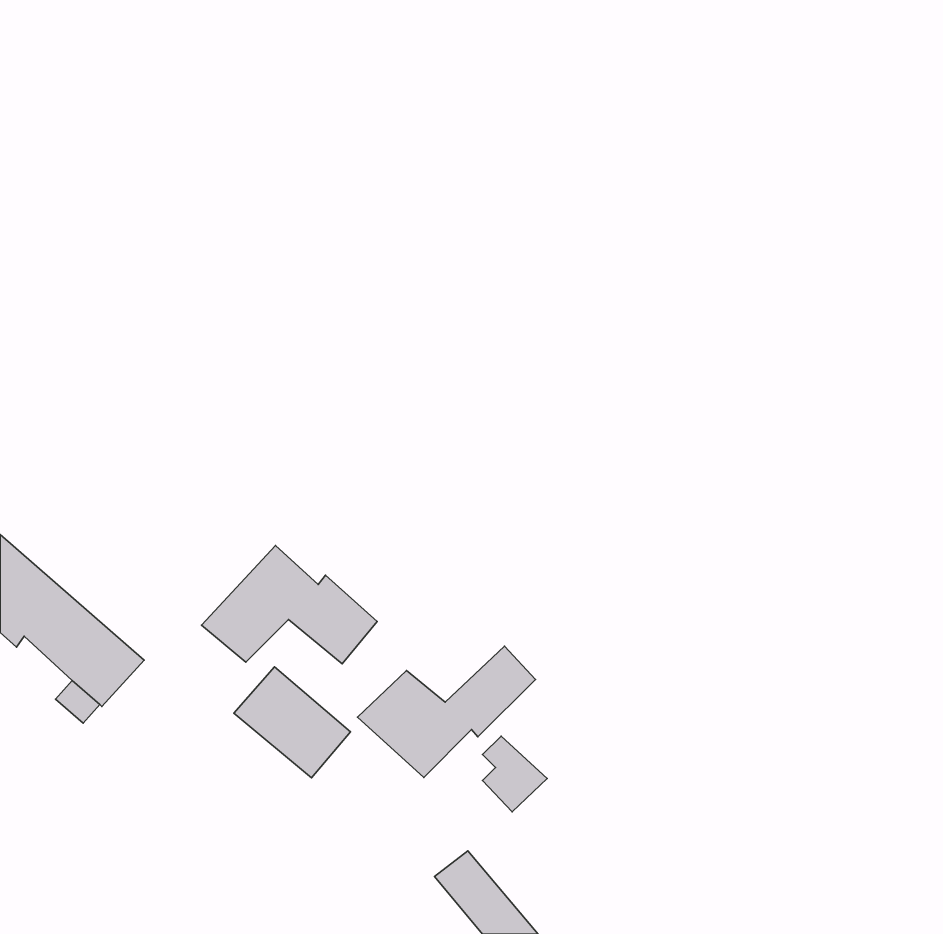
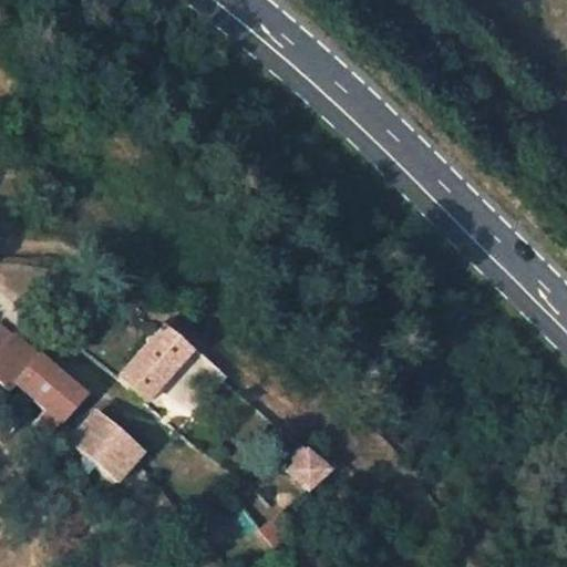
building: [357,646,536,777] -> none
building: [234,667,350,778] -> [71,412,141,478]

